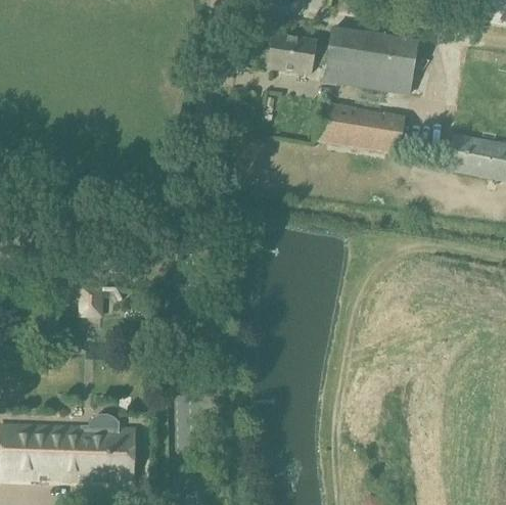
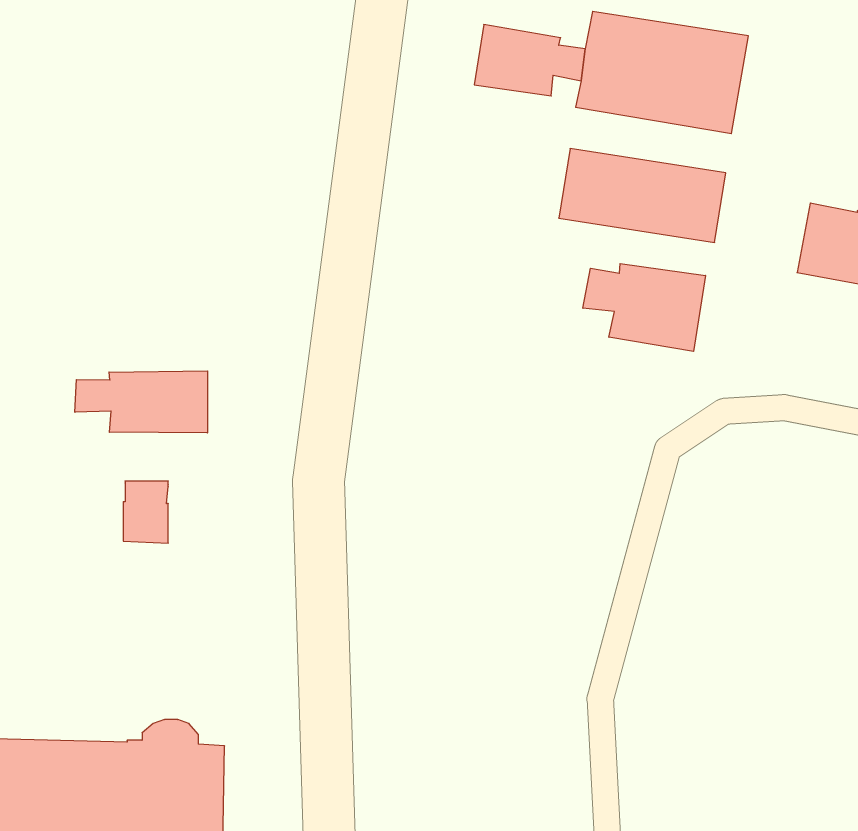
building: none -> [583,264,705,351]
building: none -> [75,371,207,433]

